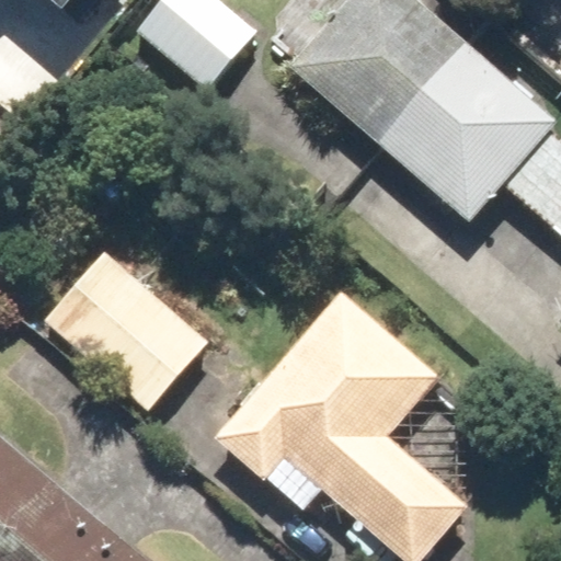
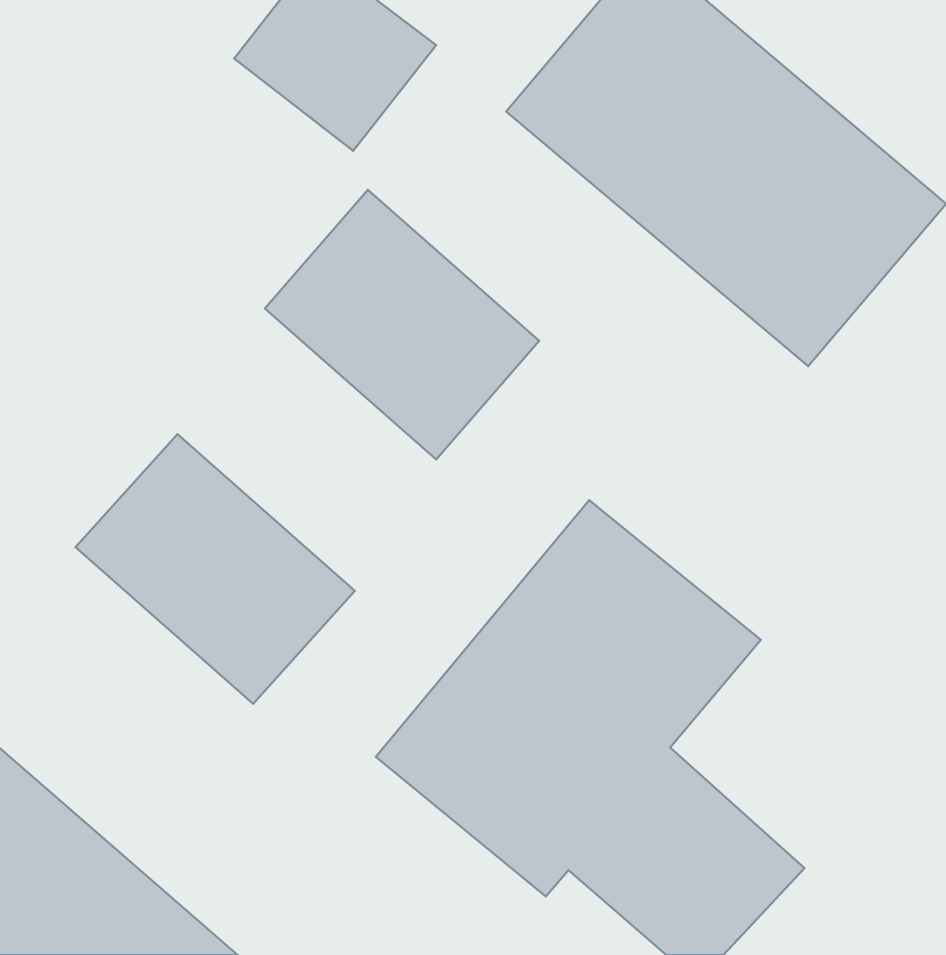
building: none -> [265,190,539,460]

